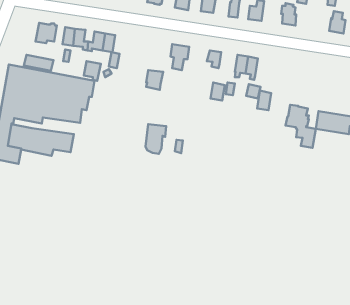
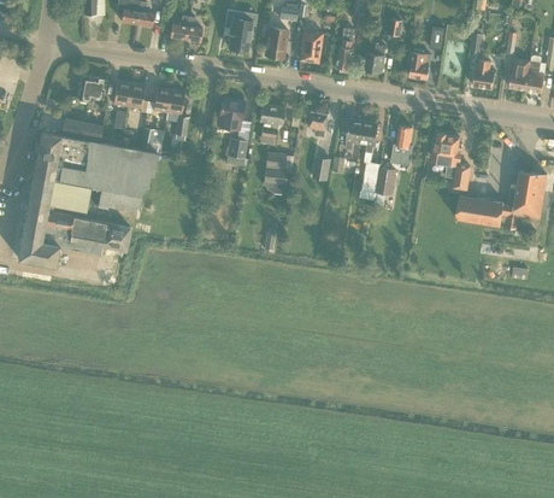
building: none -> [218,98,244,129]
building: none -> [391,125,412,164]
building: [286,105,316,148] -> [431,133,472,191]
building: [146,124,166,154] -> [264,153,291,193]

